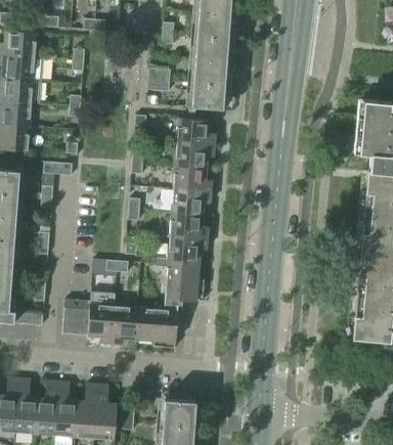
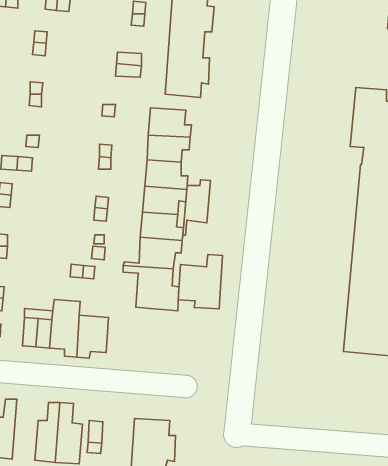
building: none -> [183,180,210,236]
building: [138,299,178,348] -> [178,254,223,309]
building: [53,382,77,437] -> none

